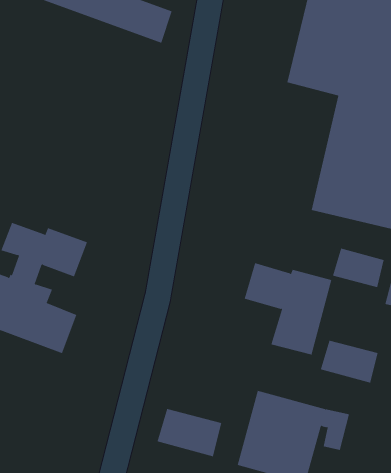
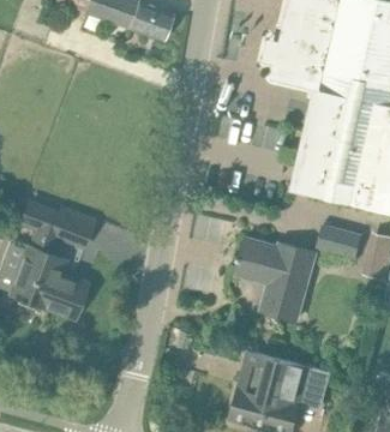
building: [320,340,378,383] -> none
building: [157,408,222,457] -> none

